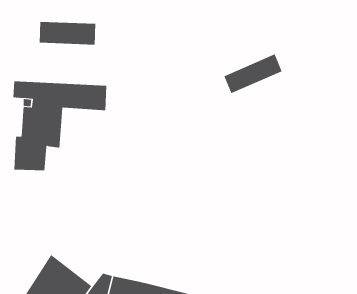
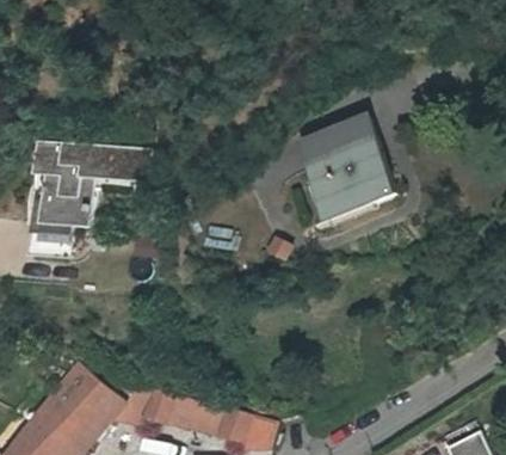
building: [39,21,96,45] -> none
building: none -> [302,133,393,207]

